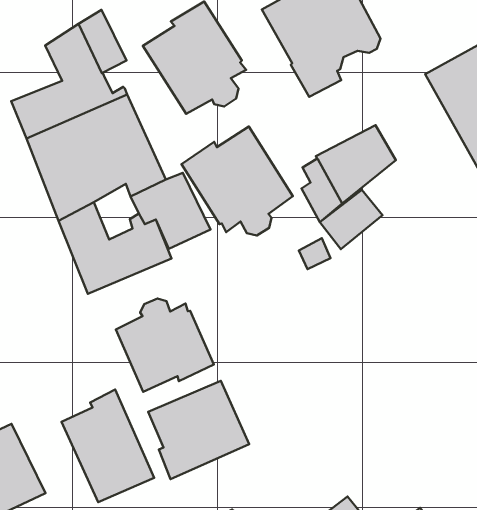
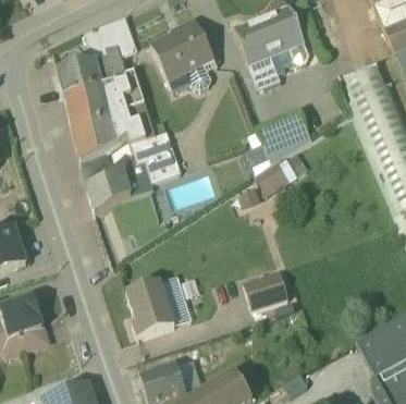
building: [181,127,293,236] -> none
building: [116,298,214,392] -> none
building: none -> [242,270,287,310]
building: [61,390,154,502] -> none

